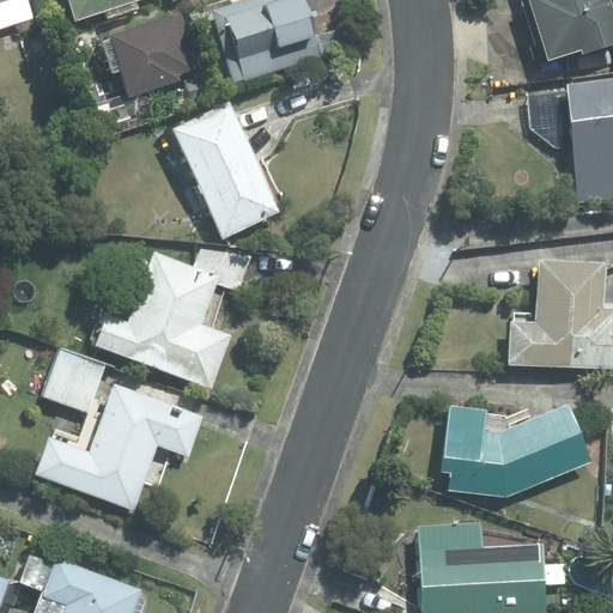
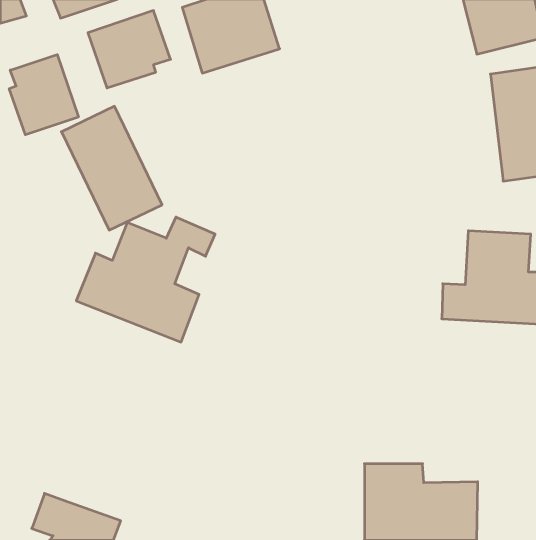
building: none -> [9,55,78,135]
building: [169,101,283,241] -> [61,106,162,230]
building: [31,348,207,512] -> none
building: [444,406,595,496] -> none

